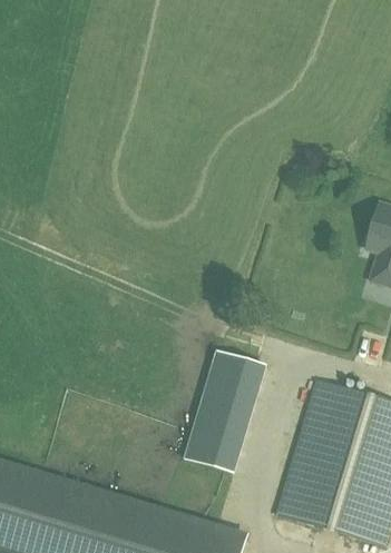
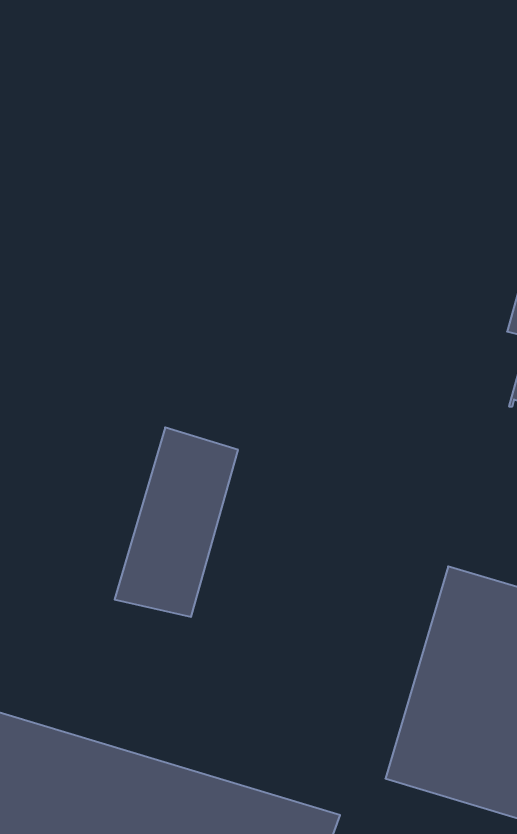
building: [185,348,264,470] -> [115,427,238,617]

